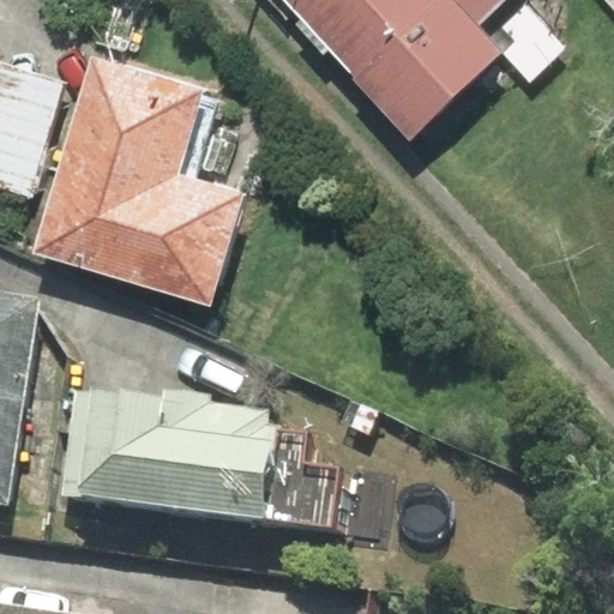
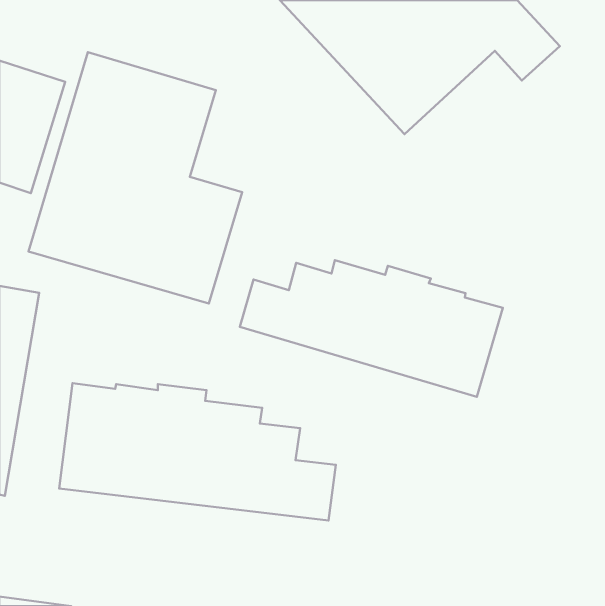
building: none -> [240,260,503,397]

